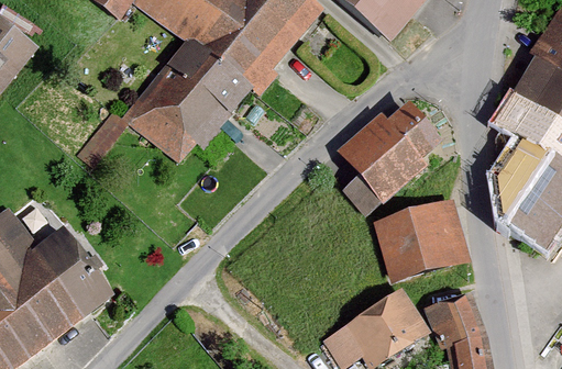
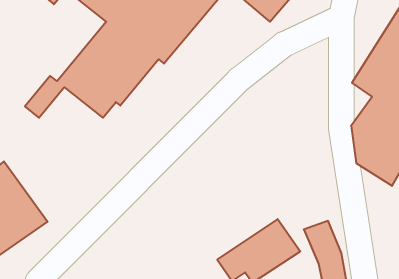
building: [337,99,443,215] -> none
building: [374,200,471,281] -> none

